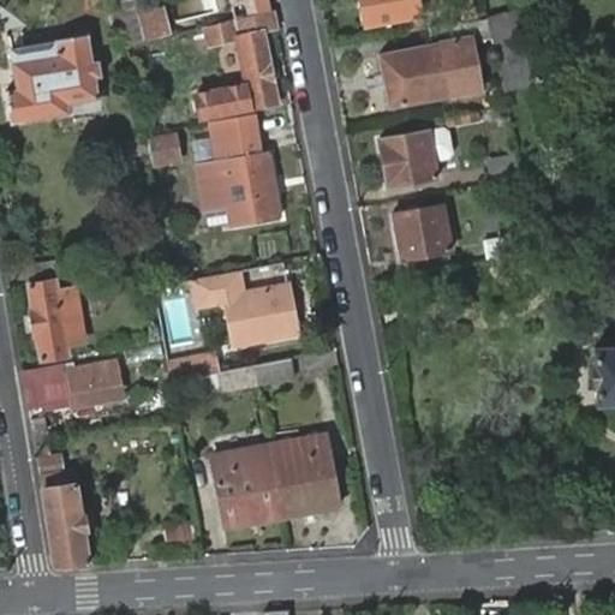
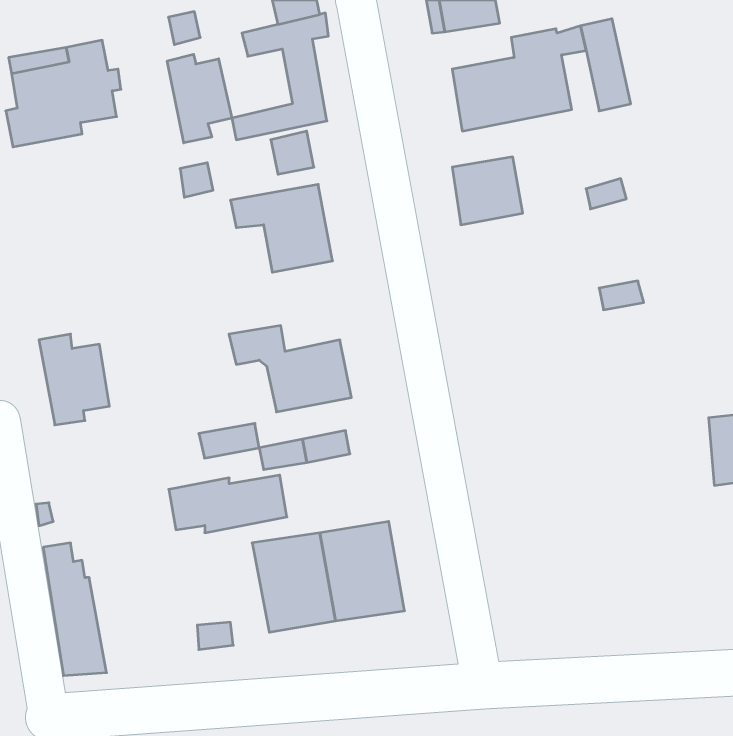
building: none -> [167,54,232,143]
building: [392,203,453,259] -> none
building: [24,362,123,410] -> [169,475,287,533]

